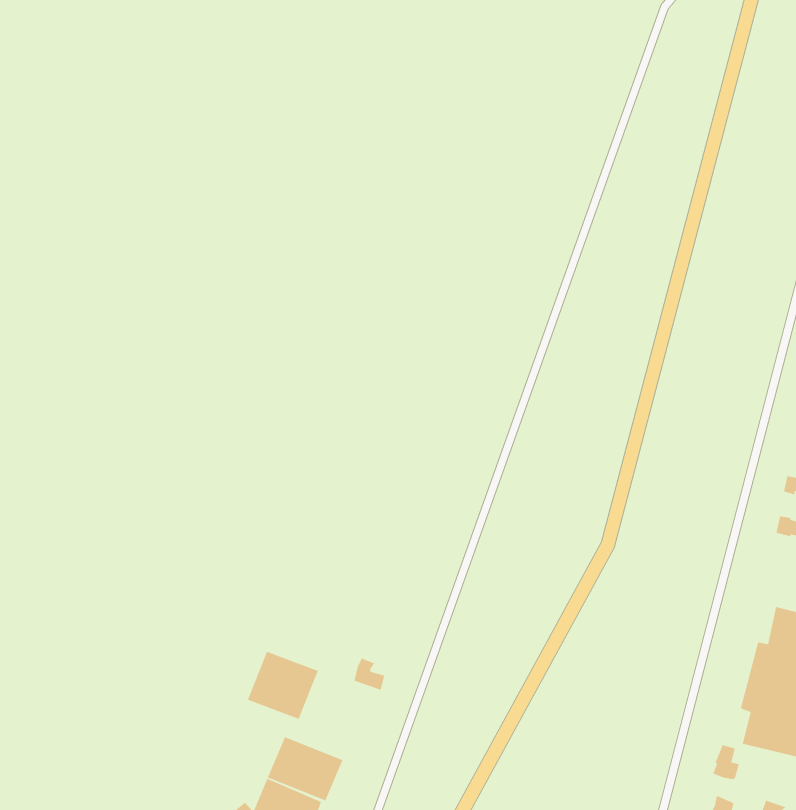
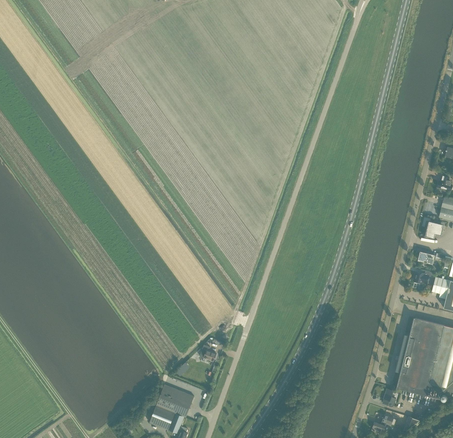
building: [247,651,319,720] -> none

